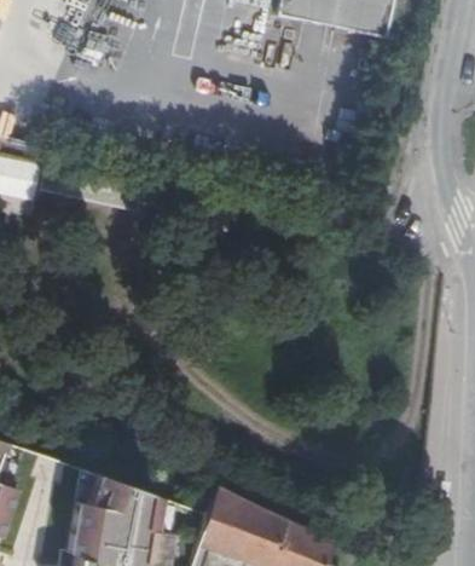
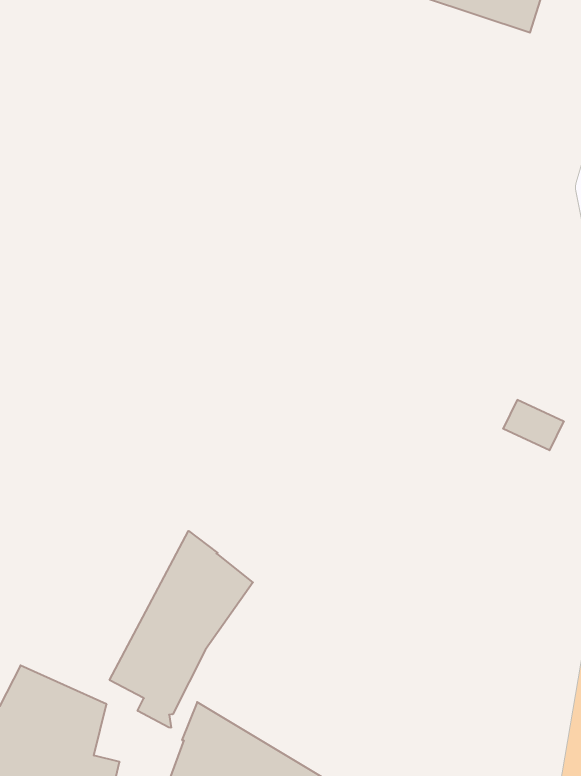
building: none -> [110,531,253,728]

